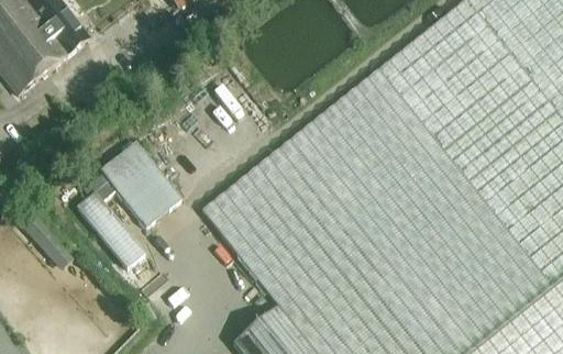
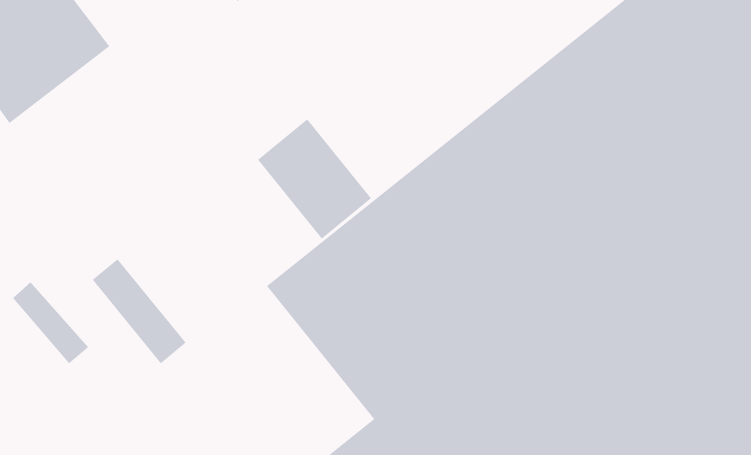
building: [99,141,181,228] -> [257,119,372,239]

